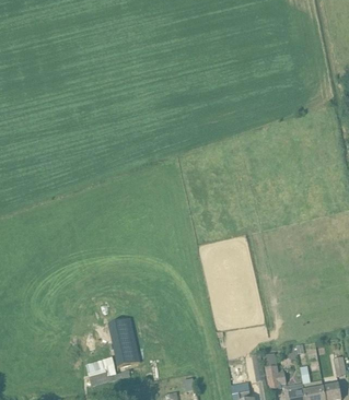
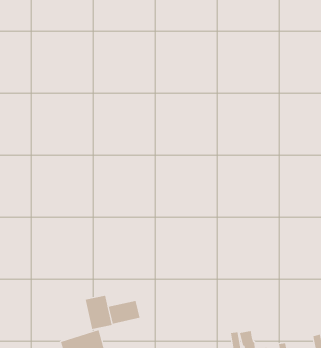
building: none -> [108,300,140,324]

